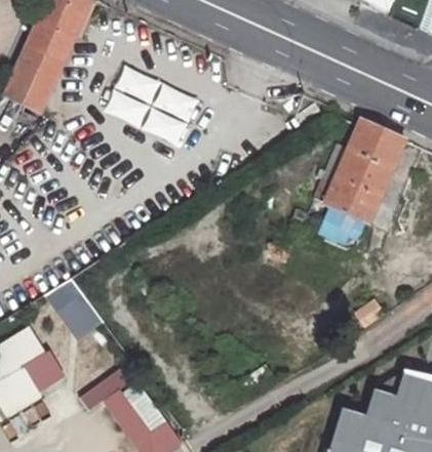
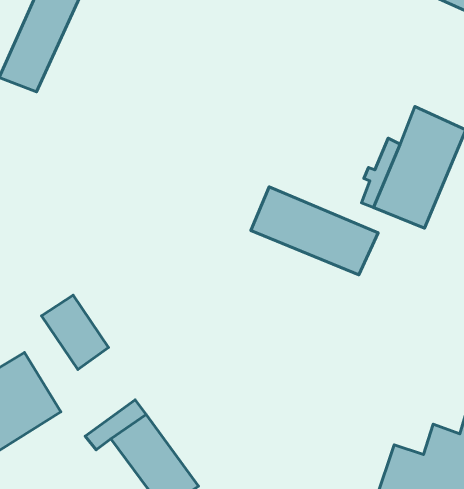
building: [107,68,200,142] -> none
building: none -> [251,187,378,275]

